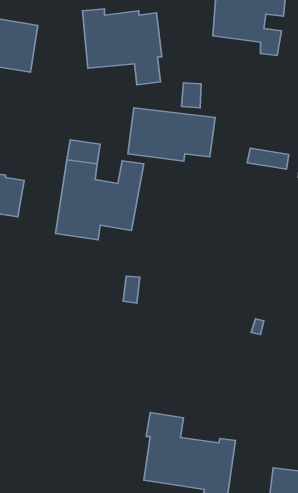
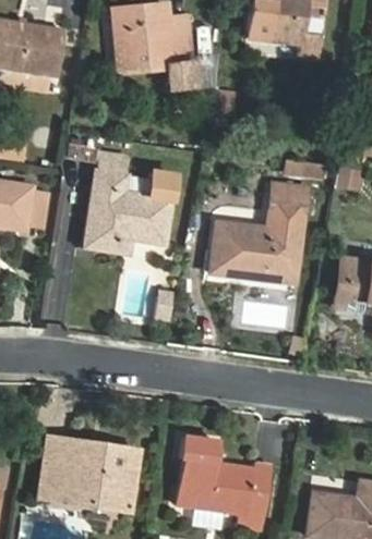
building: [128,108,215,161] -> [209,222,301,278]
building: none -> [269,182,309,218]
building: none -> [39,436,137,509]

